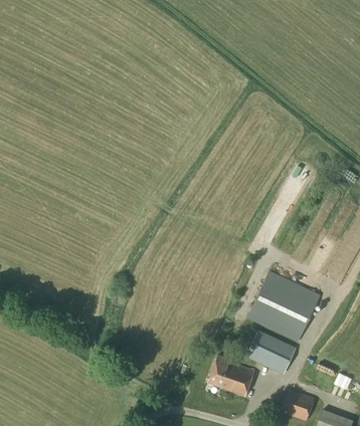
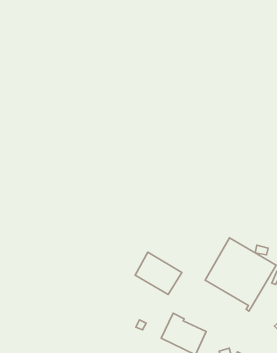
building: [247,331,296,373] -> [135,252,182,295]

